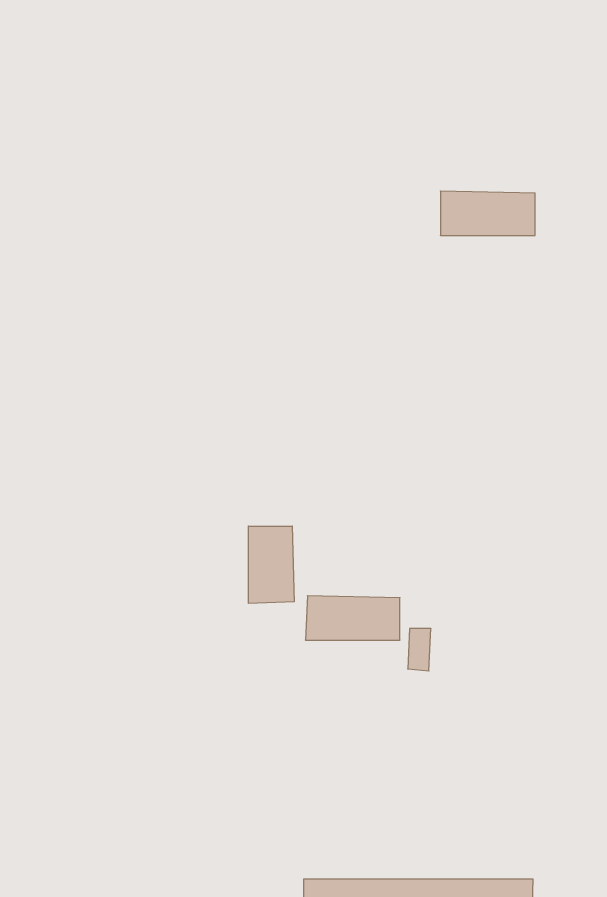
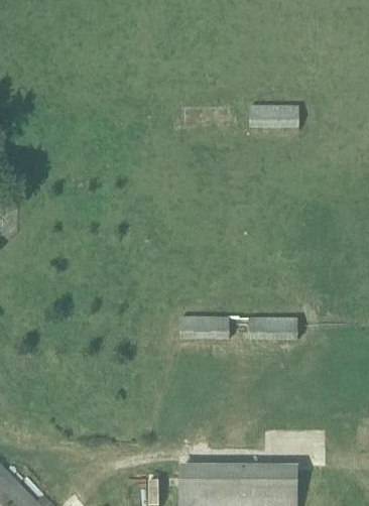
building: [248,526,294,603] -> none
building: none -> [248,317,297,340]

